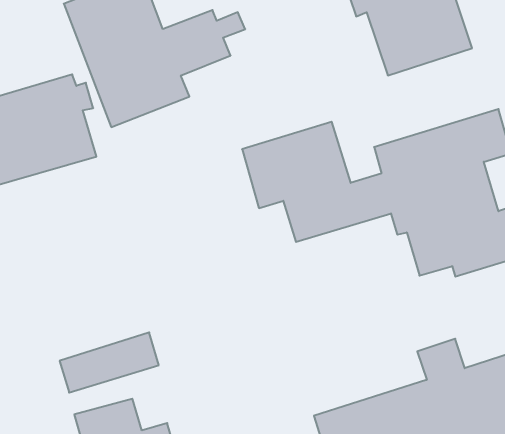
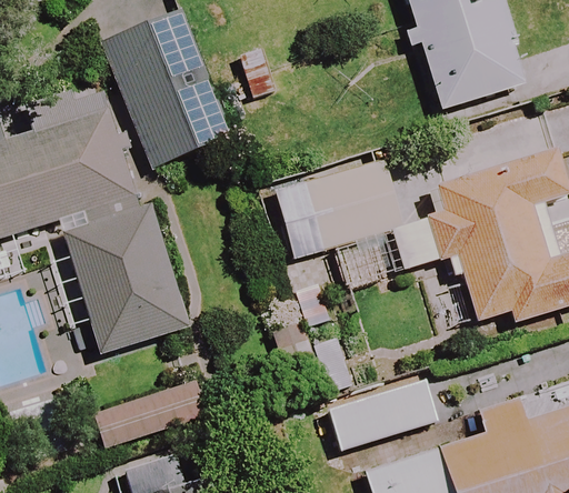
building: none -> [64,208,189,352]
building: none -> [327,378,437,451]

